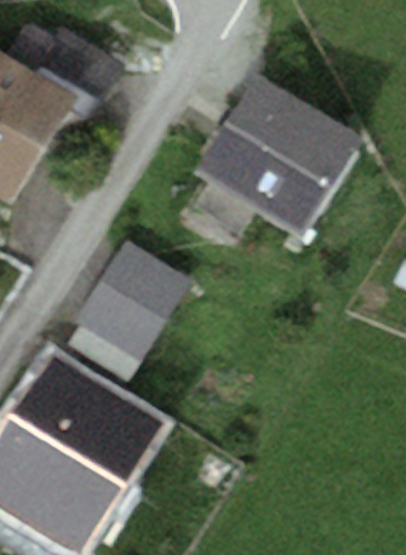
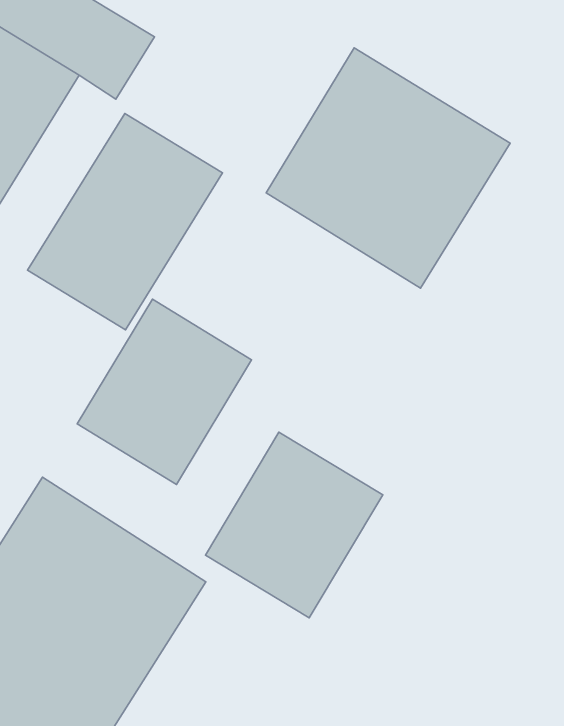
building: none -> [28,113,223,330]
building: none -> [205,432,383,618]

